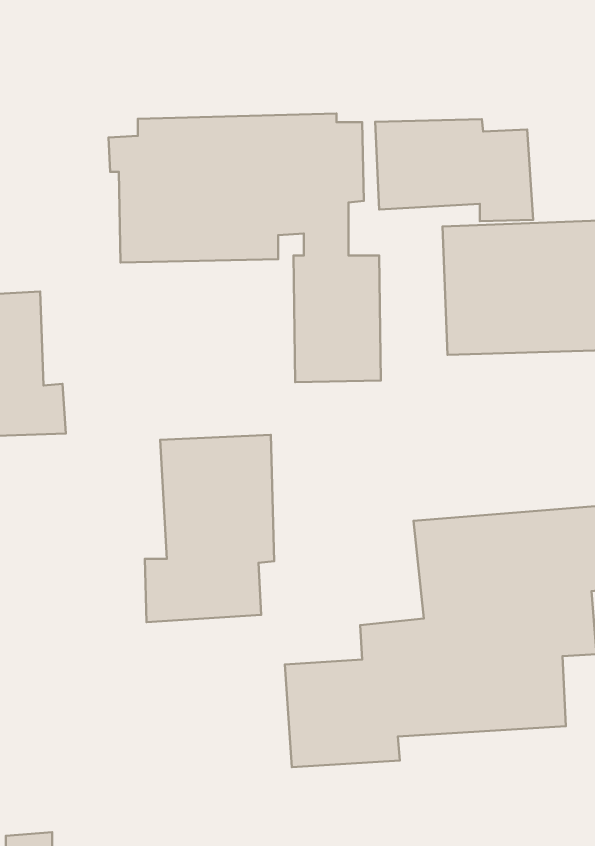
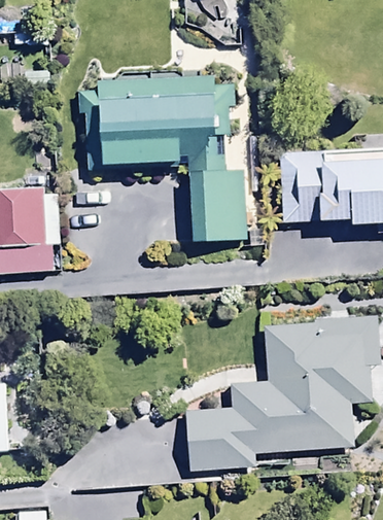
building: [375,119,533,221] -> none
building: [145,435,274,622] -> none

